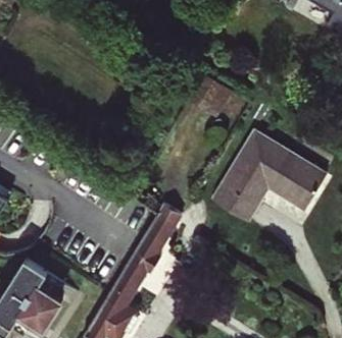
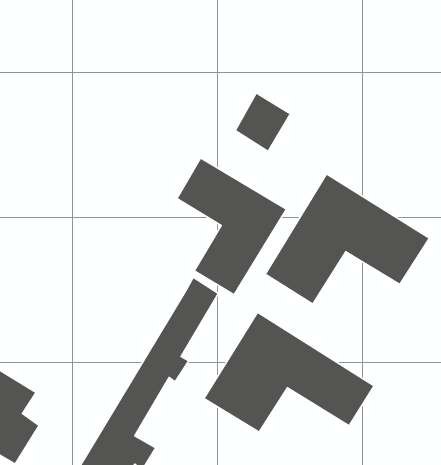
building: none -> [177,158,286,295]
building: none -> [204,312,374,432]

